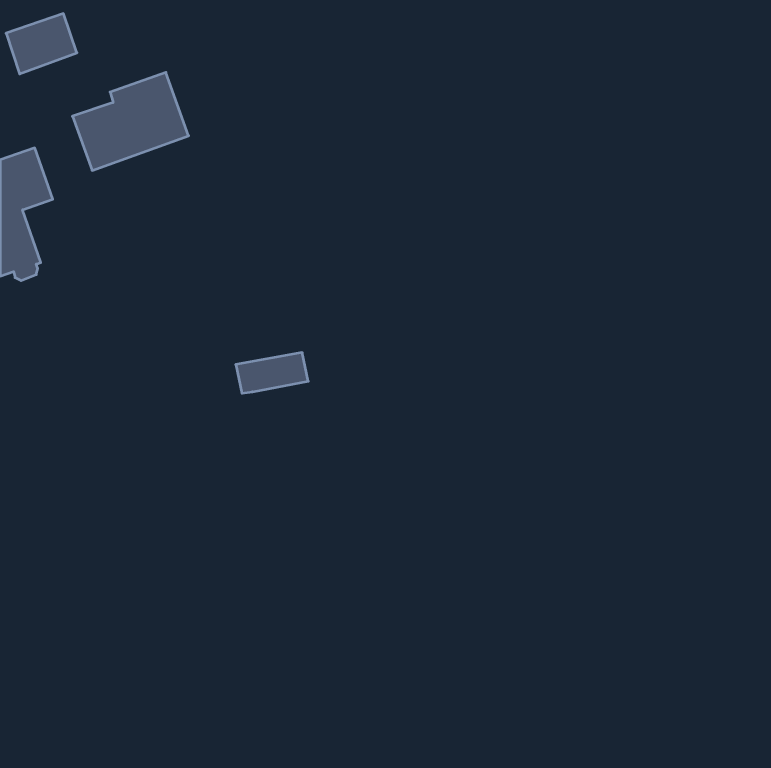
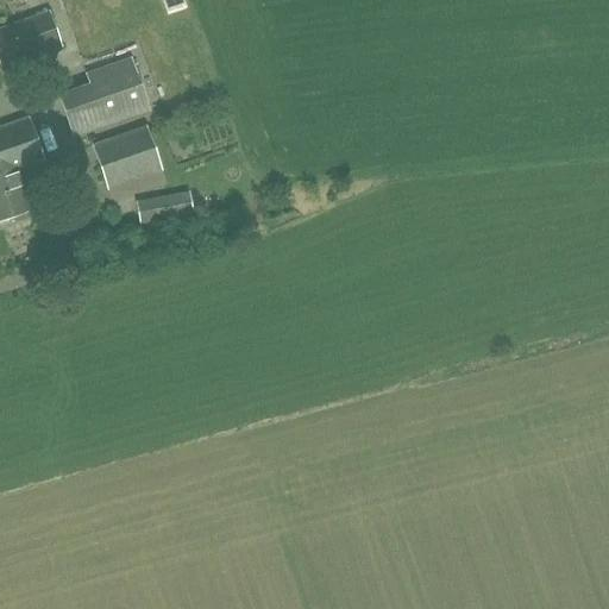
building: none -> [93,126,161,184]
building: [236,353,308,393] -> [145,190,202,222]

